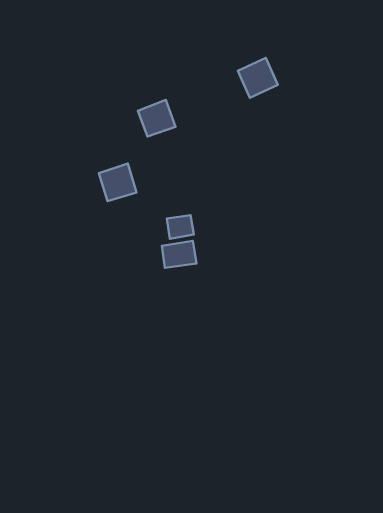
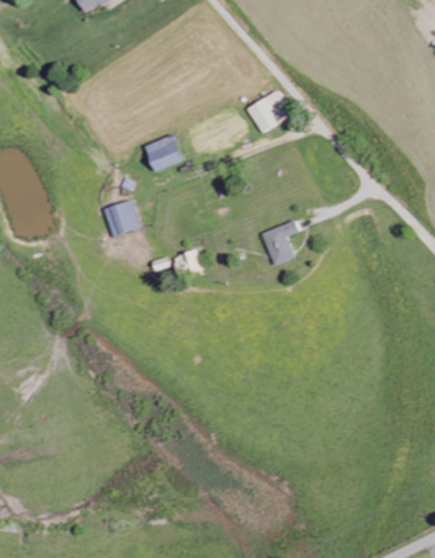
building: none -> [262,220,298,266]
building: [162,241,197,268] -> none

